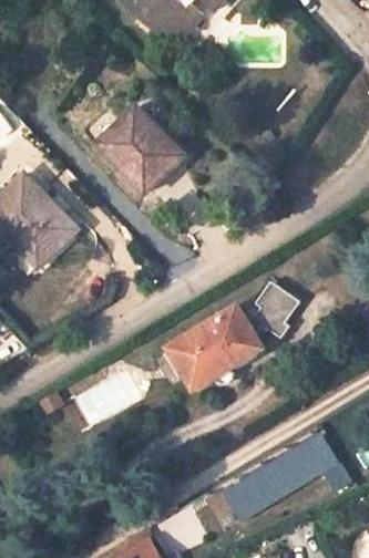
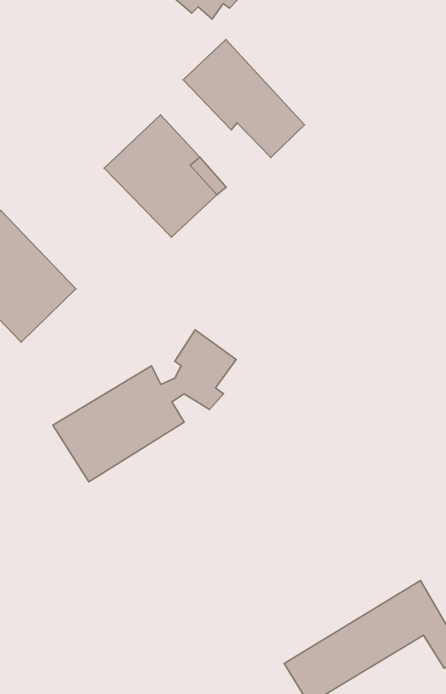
building: none -> [183,40,304,157]
building: [168,279,298,386] -> [53,330,236,482]

